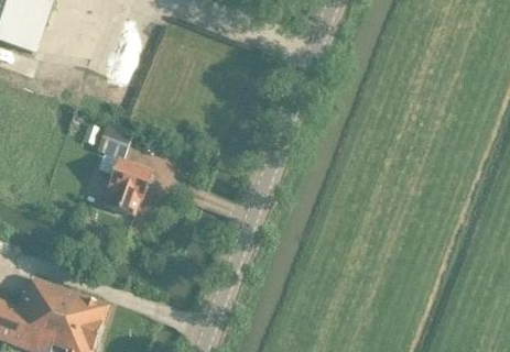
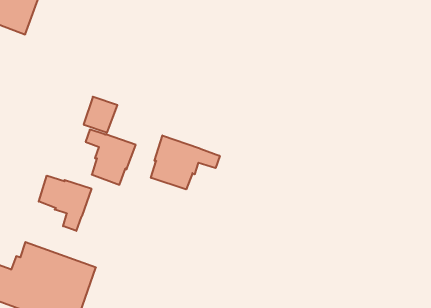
building: none -> [151,135,220,189]
building: none -> [39,176,91,231]

